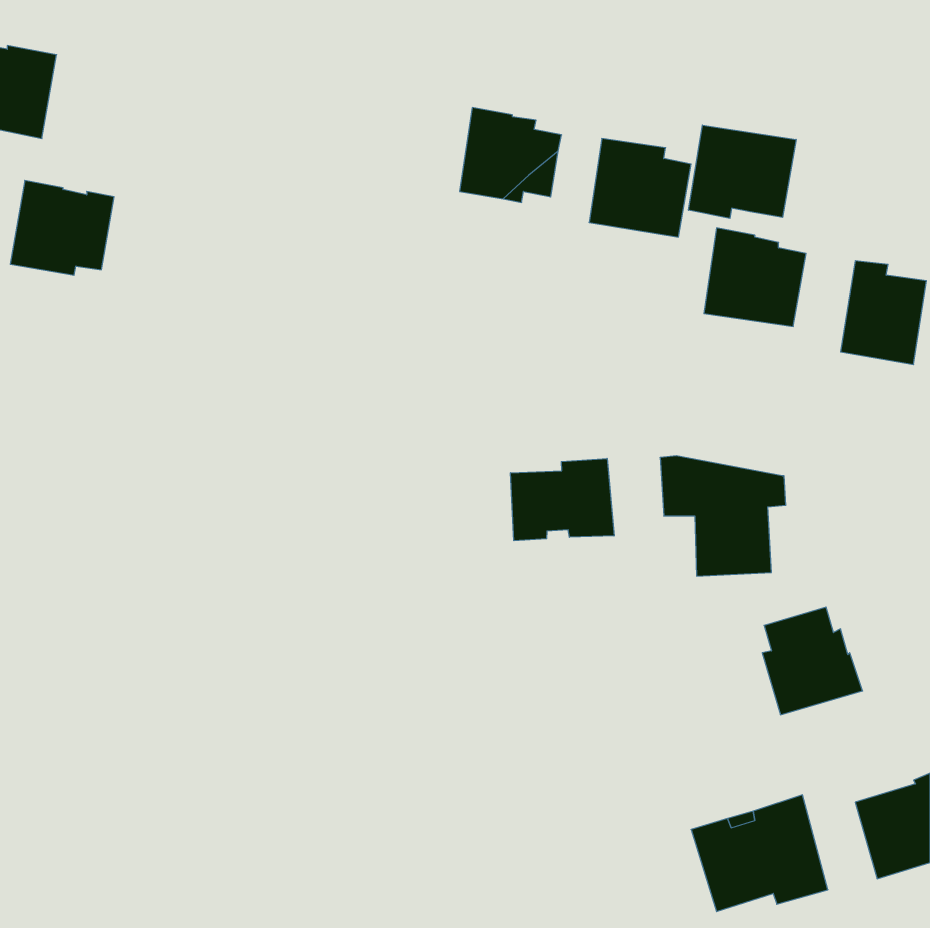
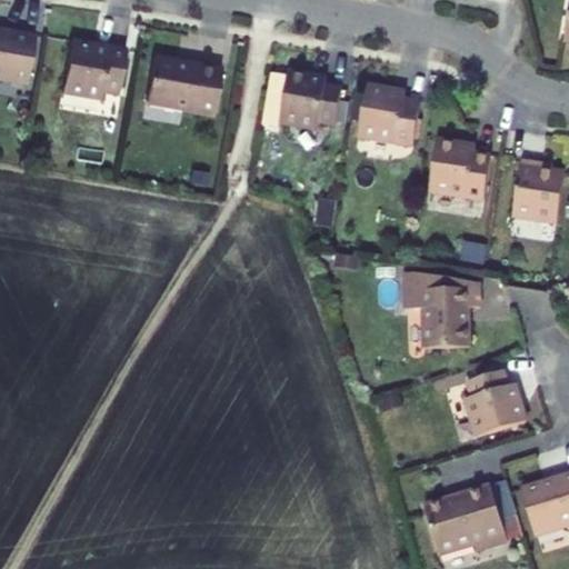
building: none -> [144,56,220,116]
building: [689,125,796,218] -> none
building: [10,180,114,275] -> [61,39,124,97]
building: [511,458,614,541] -> none

